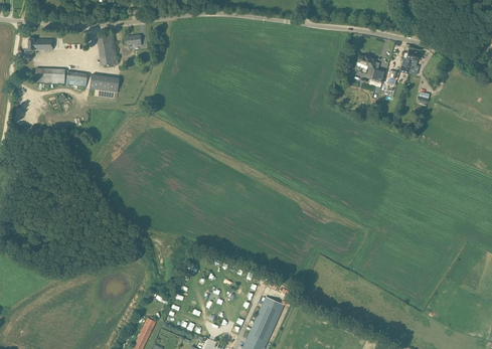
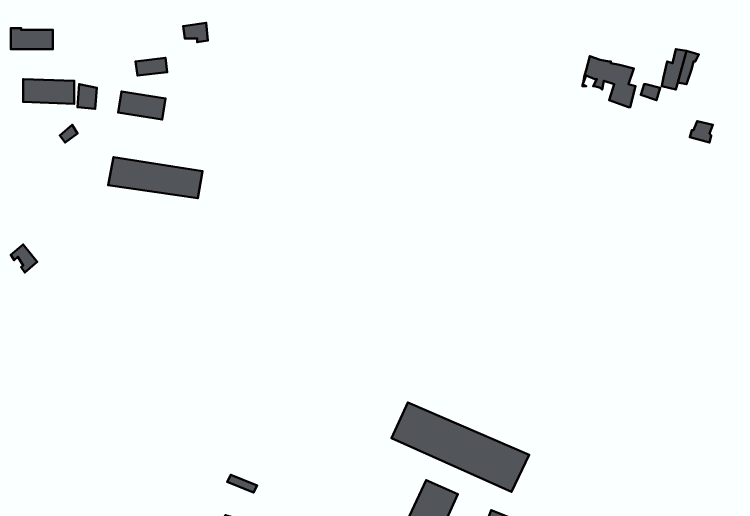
building: none -> [108,157,202,198]
building: none -> [392,403,529,492]

